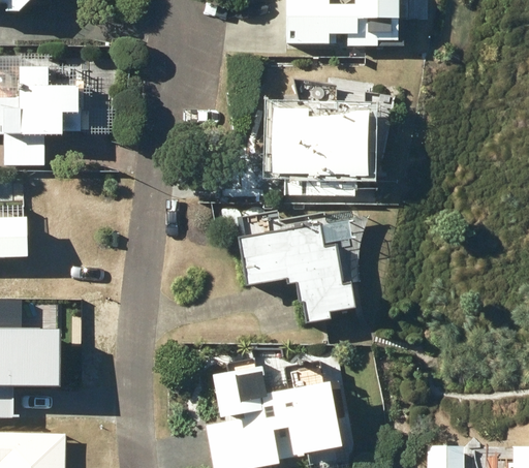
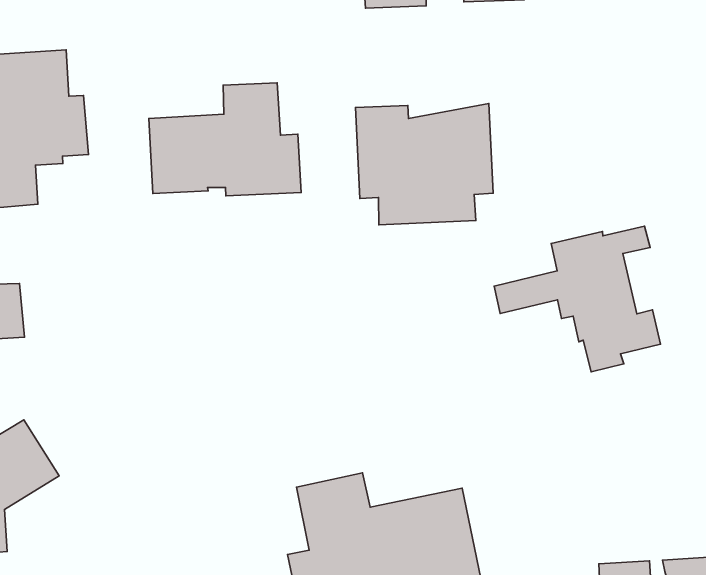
building: none -> [149,83,301,196]
building: [242,222,357,323] -> [494,226,660,372]

